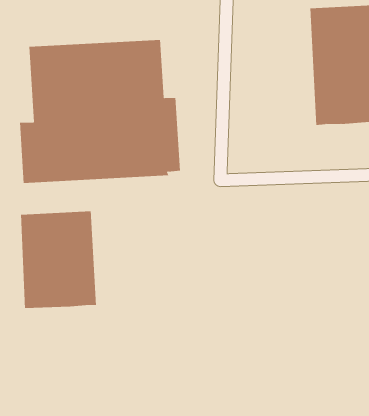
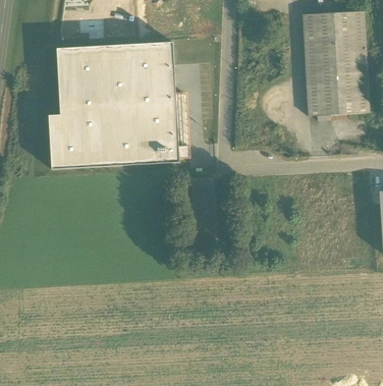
building: [20,210,97,309] -> none

